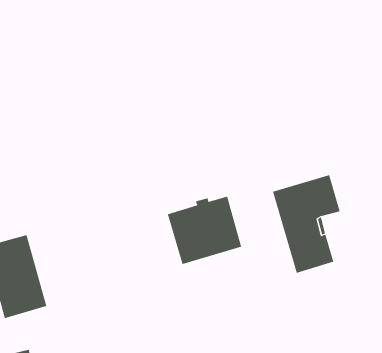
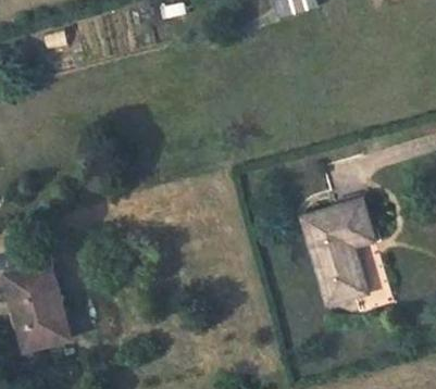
building: [167,196,242,265] -> none

